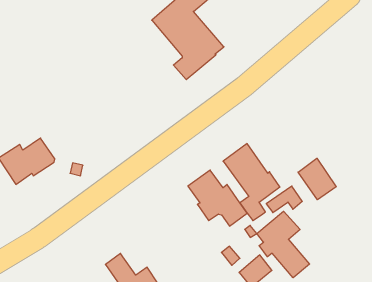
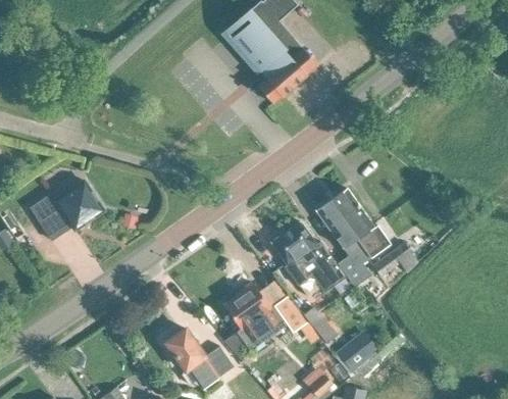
building: [298,158,336,200] -> none
building: [257,211,310,278] -> none
building: none -> [223,283,306,350]

